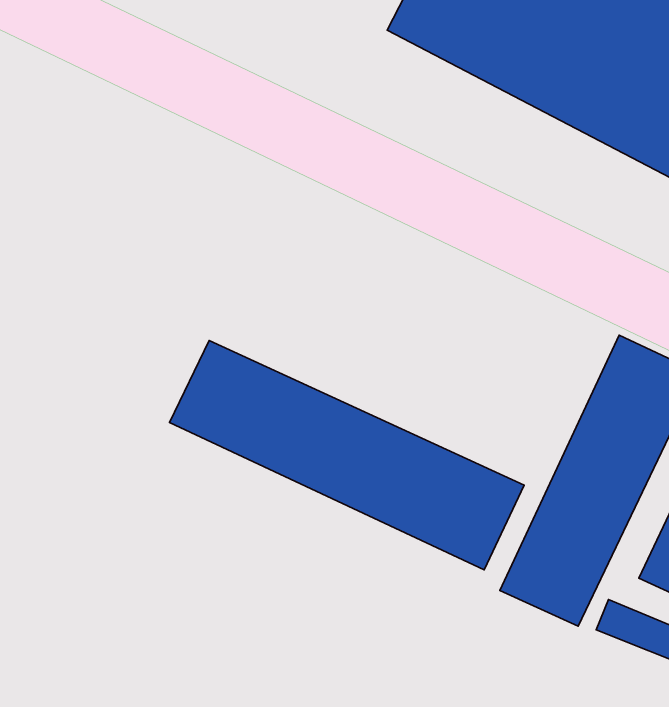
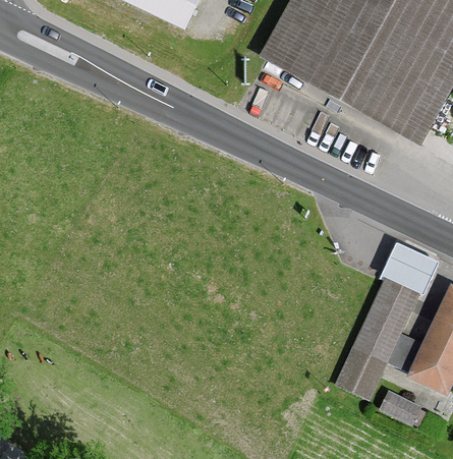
building: [169,341,524,570] -> none

